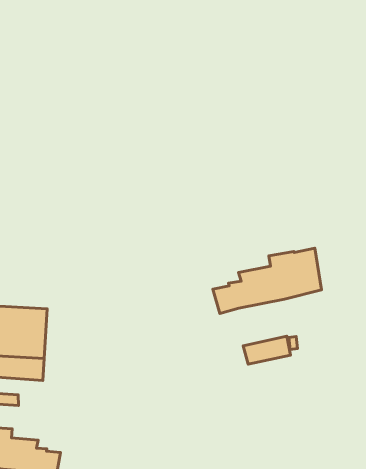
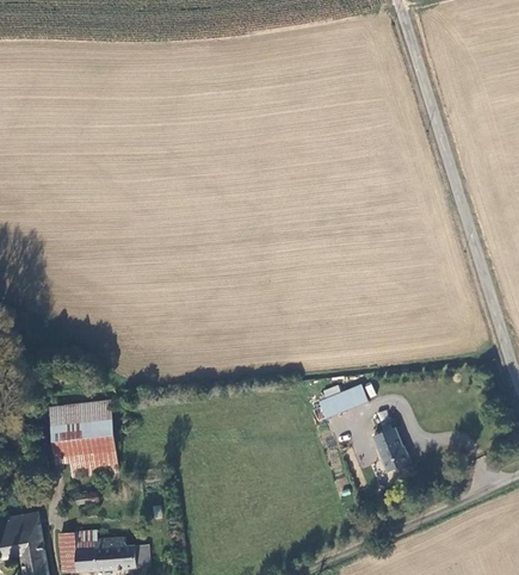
building: [213,248,321,314] -> none
building: none -> [371,426,410,471]

